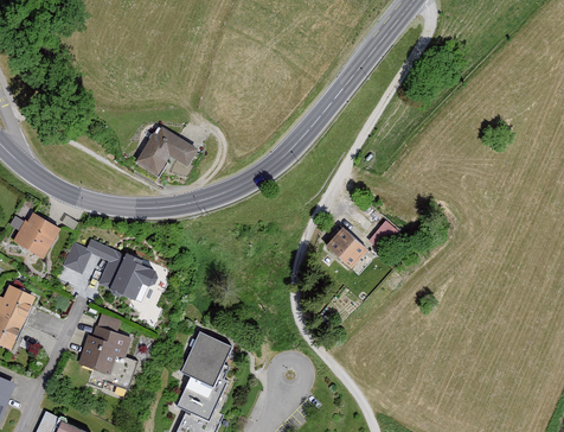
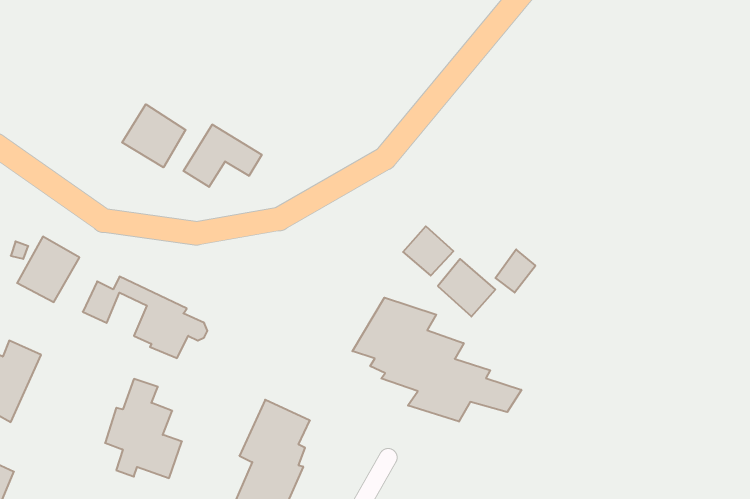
building: none -> [122,104,186,167]
building: none -> [403,226,453,276]
building: none -> [352,298,521,422]

